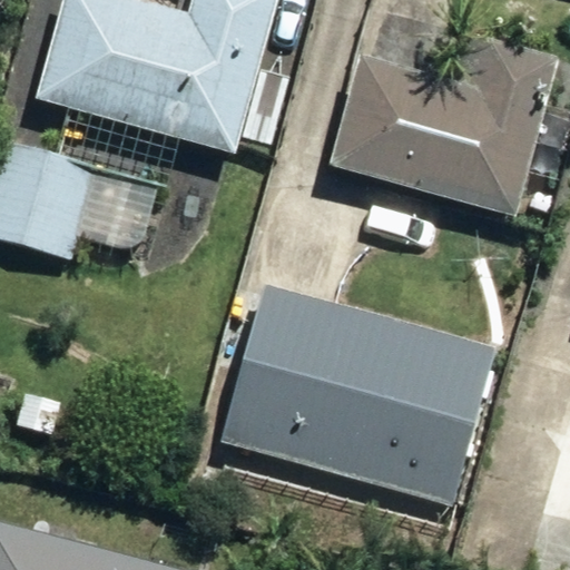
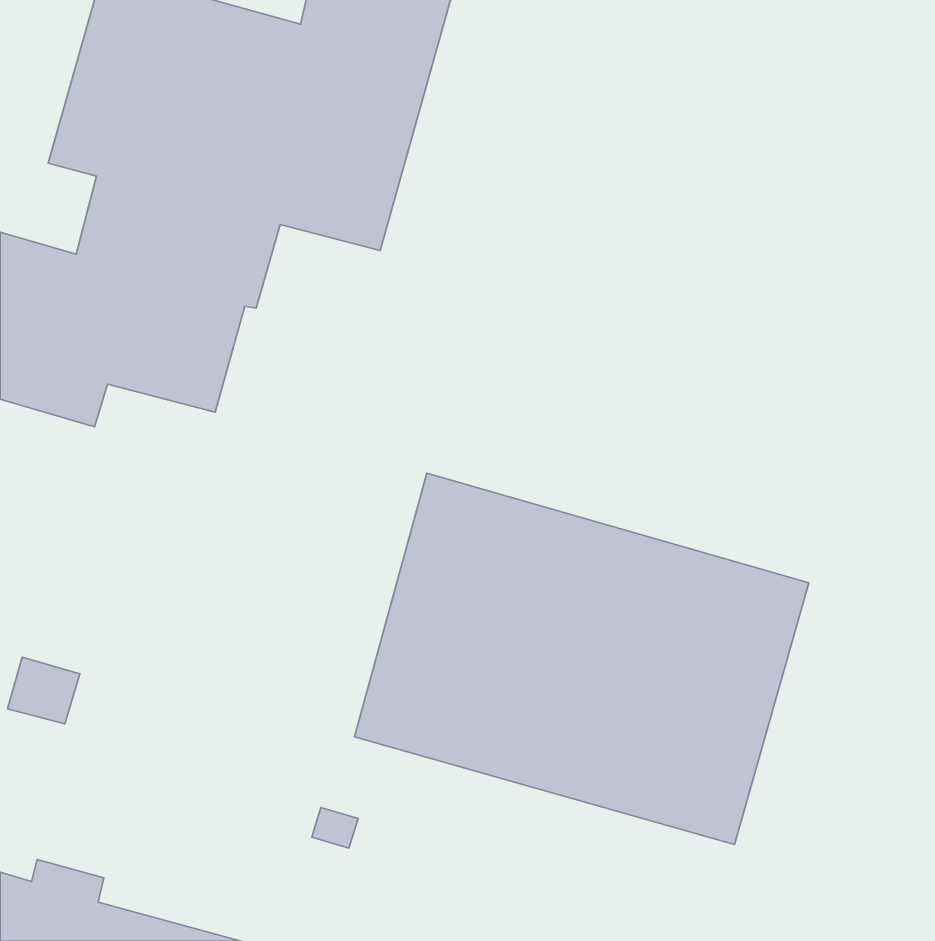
building: [331,36,558,213] -> none

